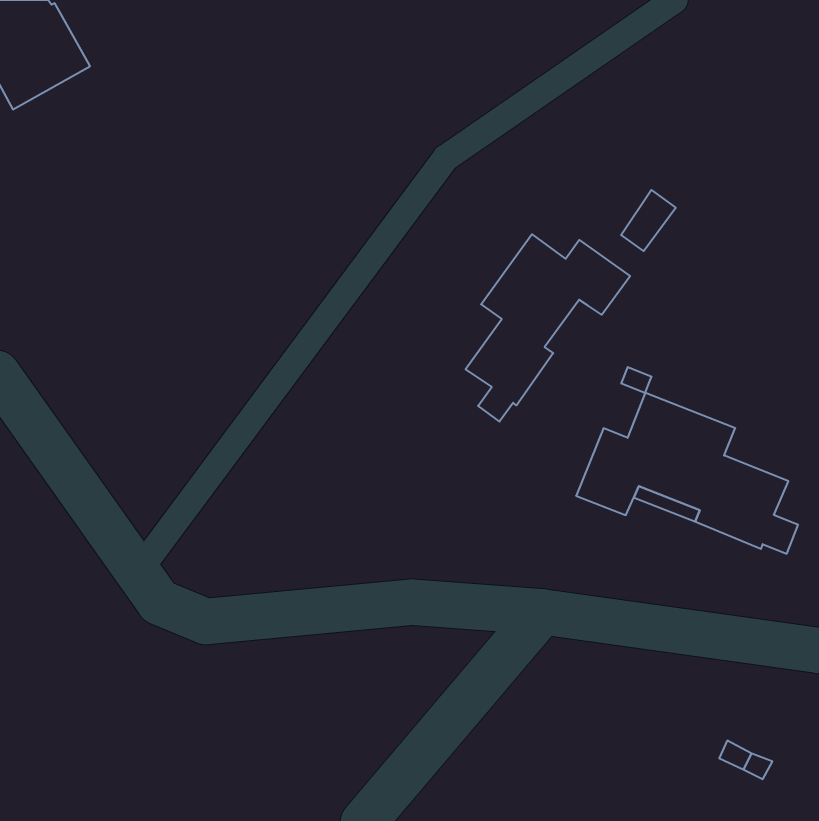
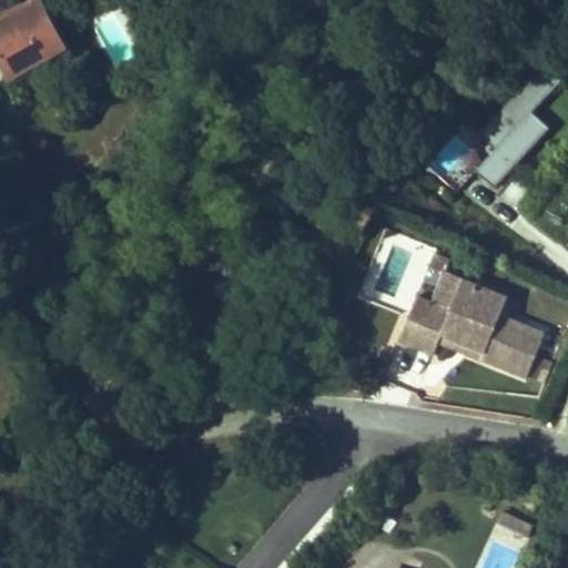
building: none -> [474,64,559,189]
building: [466,234,630,422] -> none

